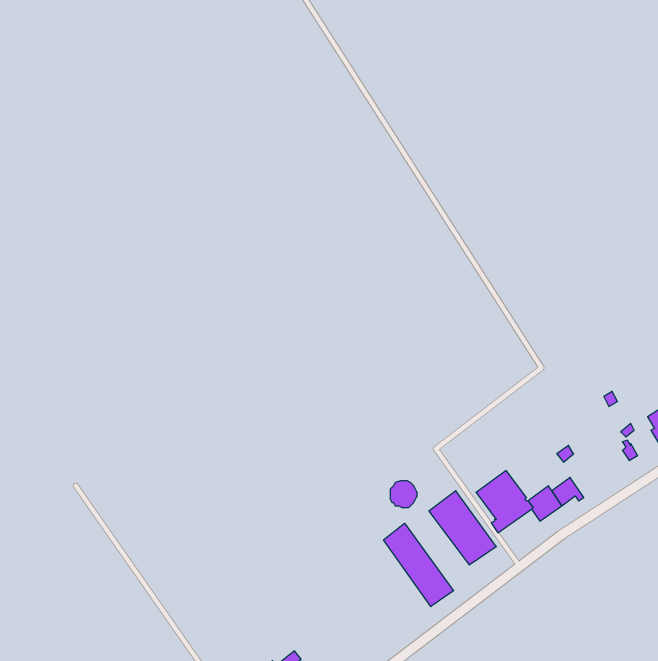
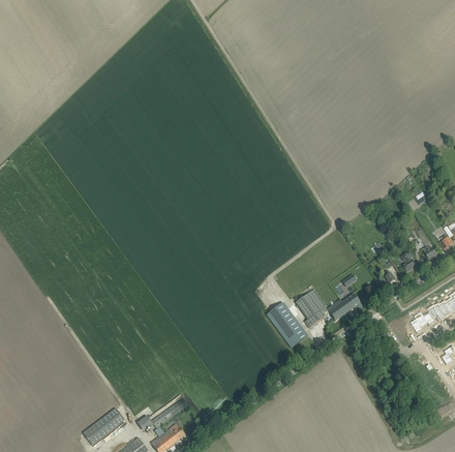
building: [383,523,454,607] -> none

